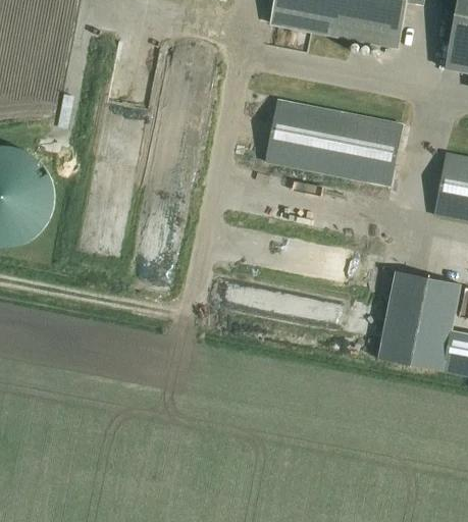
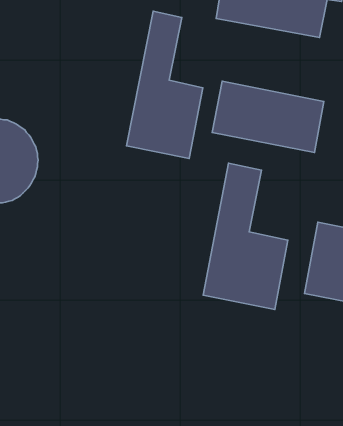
building: none -> [127,11,203,159]
building: none -> [203,163,288,310]

